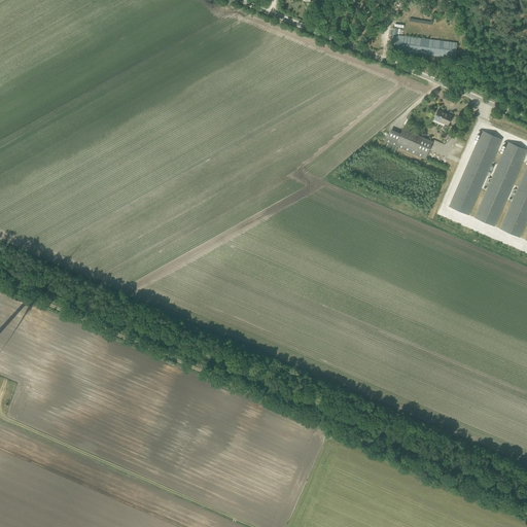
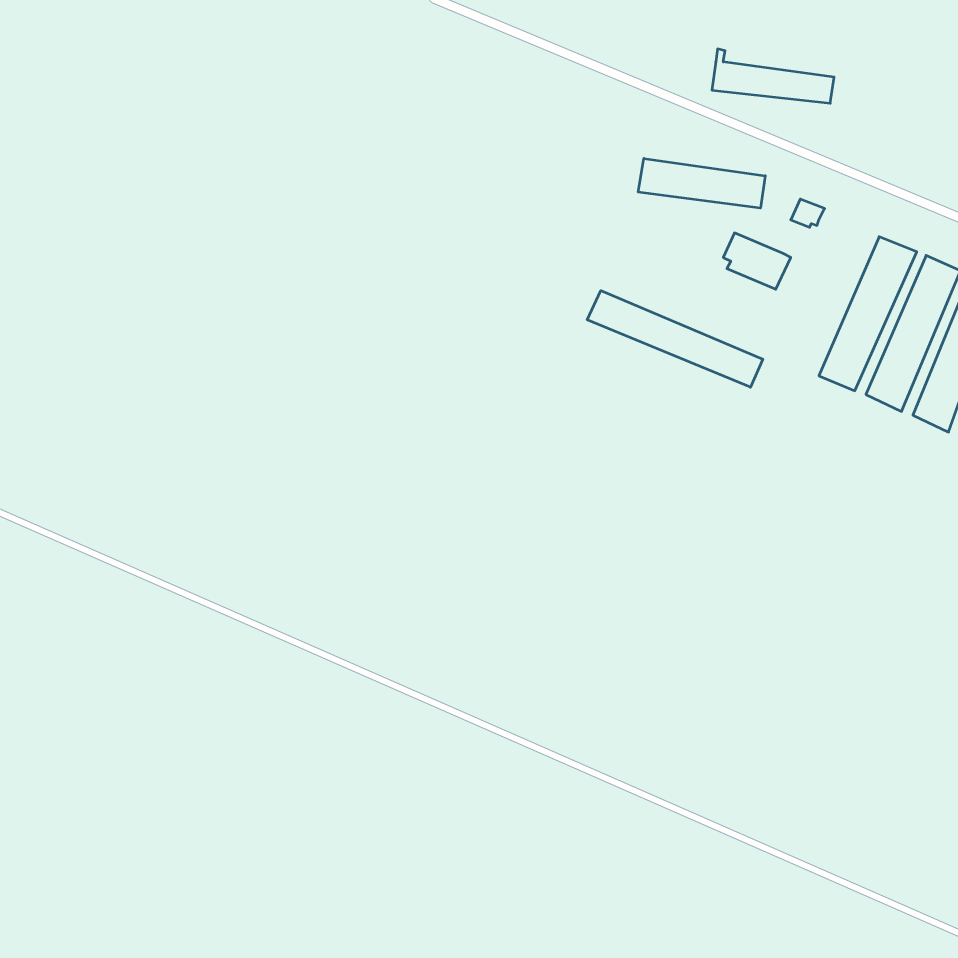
building: none -> [638,158,765,208]
building: none -> [587,291,763,387]

